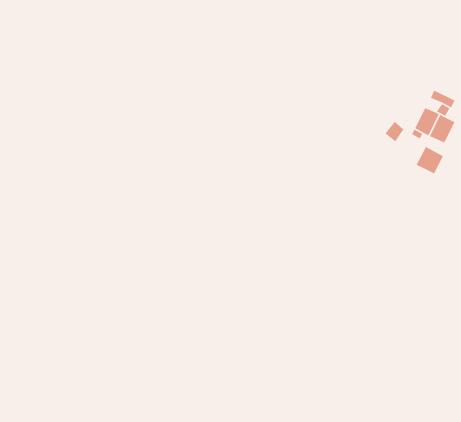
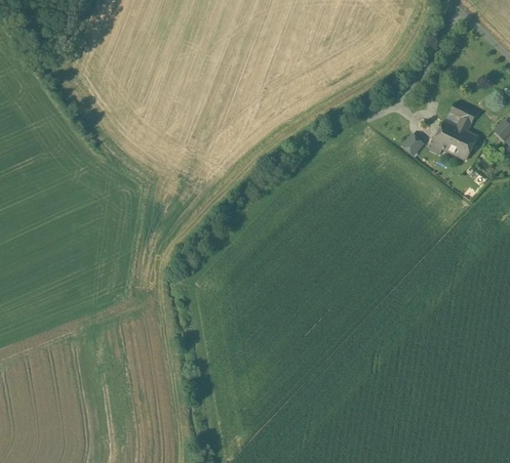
building: [415,146,444,175] -> none

